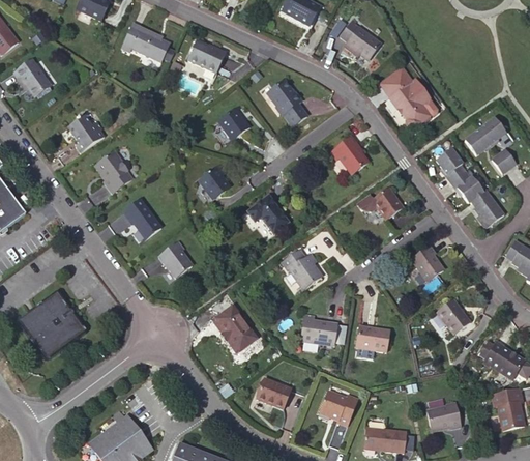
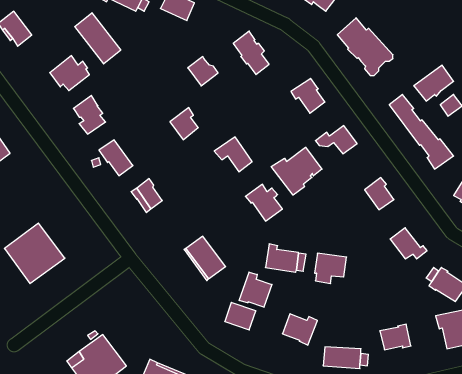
building: none -> [75,13,121,64]
building: none -> [271,147,322,195]
building: none -> [239,272,272,307]

